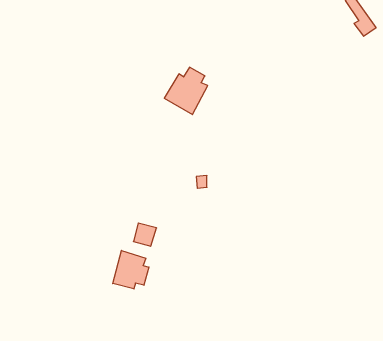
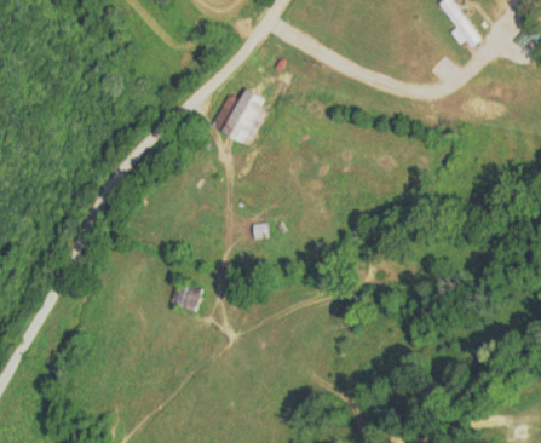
building: [113,250,149,289] -> none

